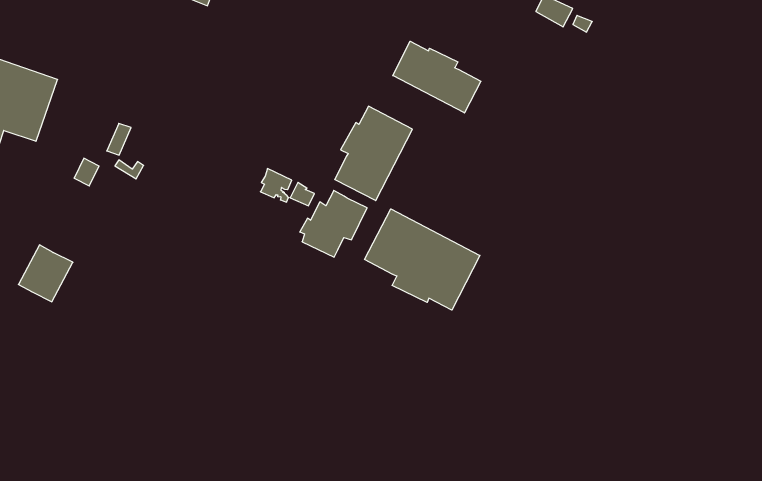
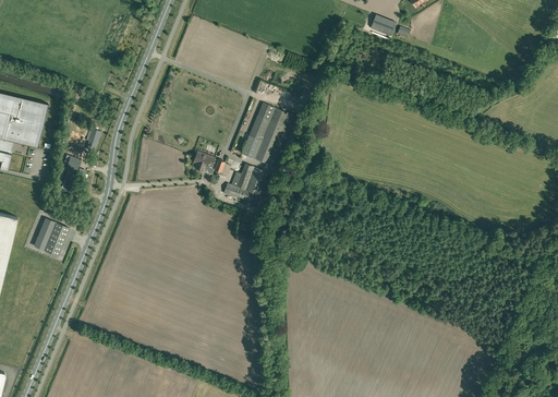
building: [393,41,481,113] -> none
building: [365,209,480,310] -> none

